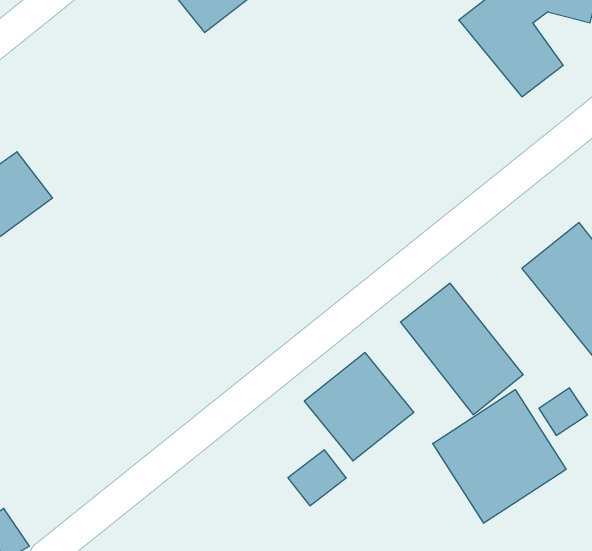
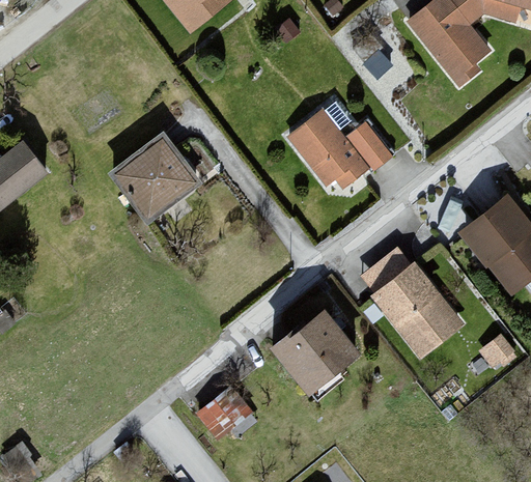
building: none -> [286,107,390,198]
building: none -> [107,130,193,214]
building: [433,390,566,523] -> none
building: [288,450,346,506] -> [199,388,249,435]

